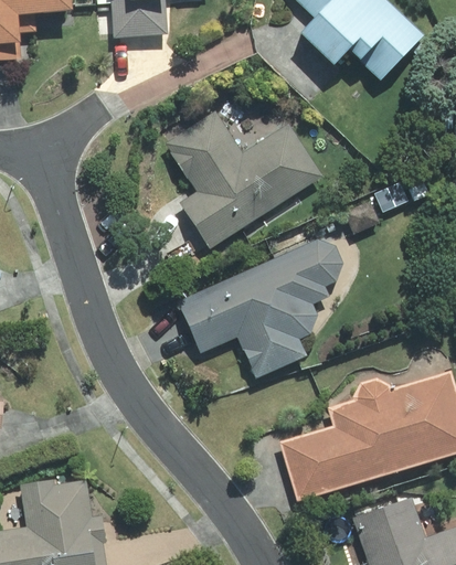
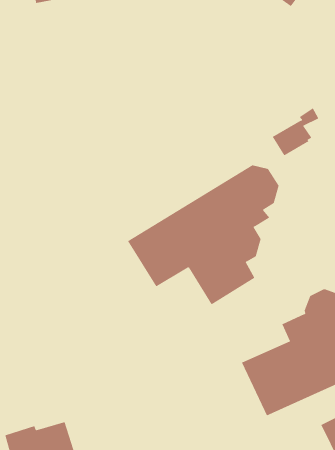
building: [165,111,322,249] -> none

